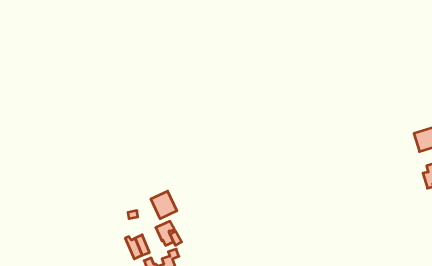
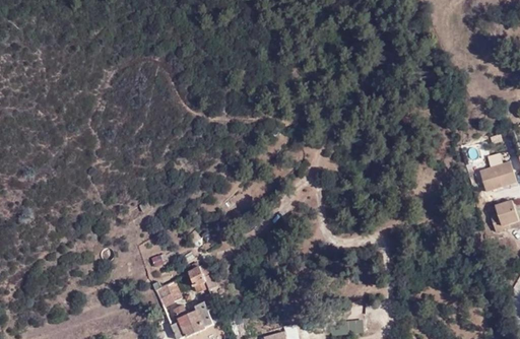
building: [151,191,177,219] -> none

